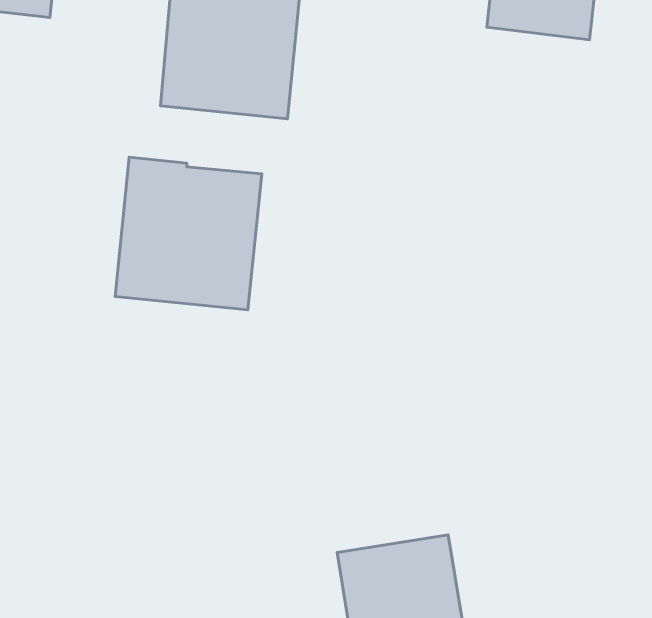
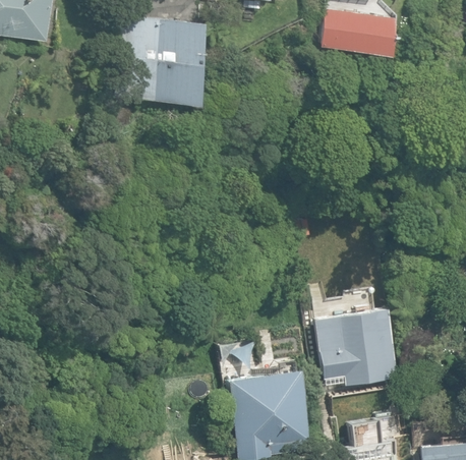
building: [115,157,262,310] -> none
building: none -> [318,309,400,386]

